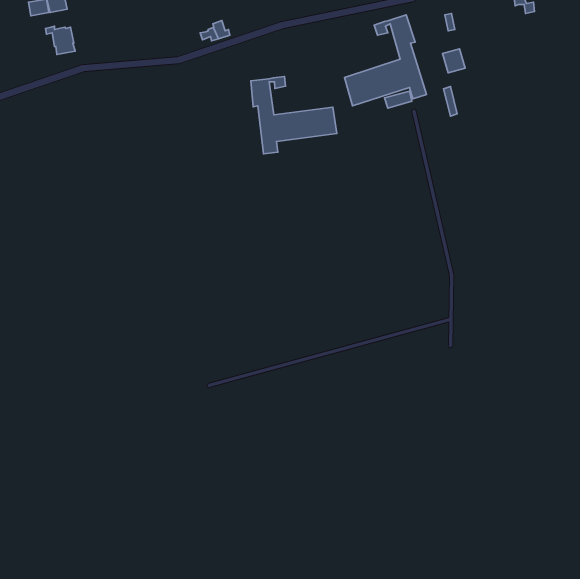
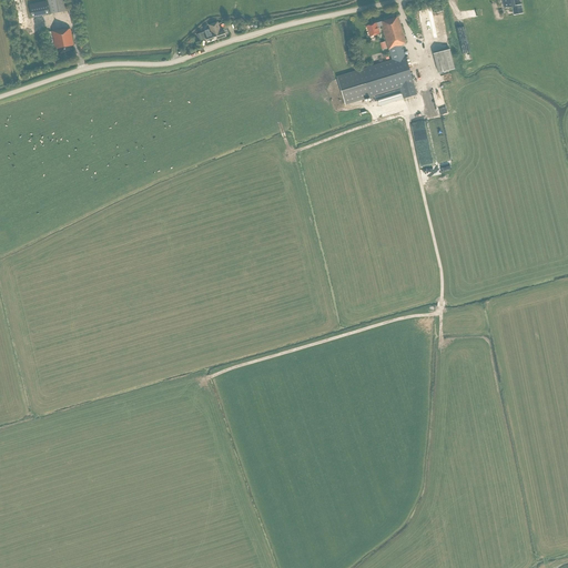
building: [251,77,337,154] -> none

